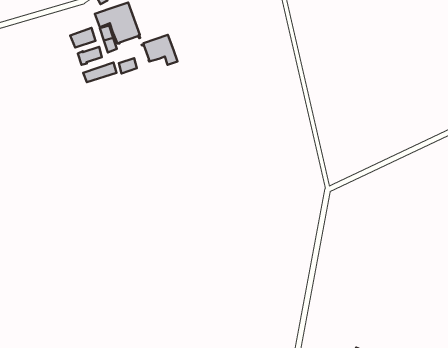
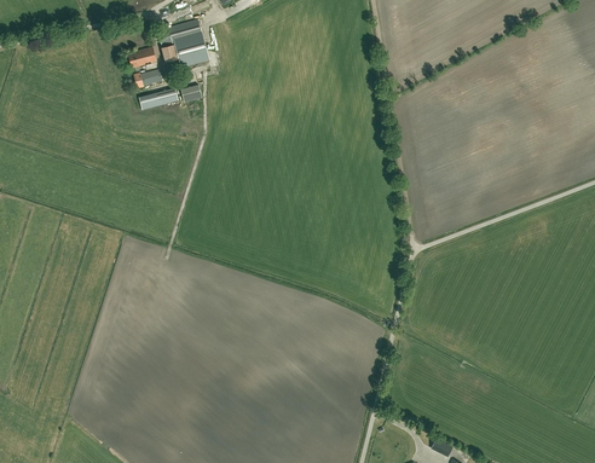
building: [142,35,178,65] -> none

